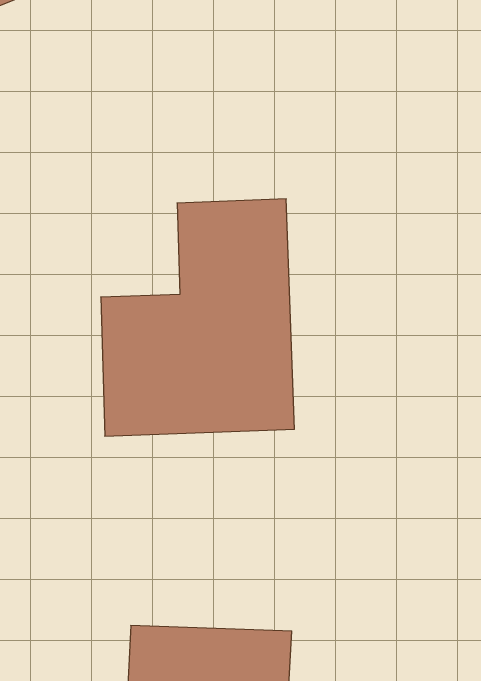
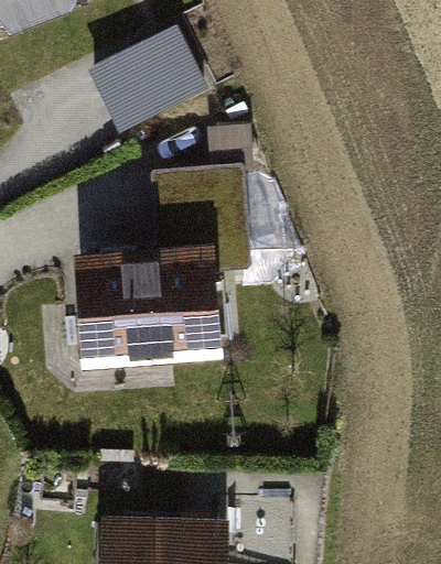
building: none -> [86,24,202,131]

